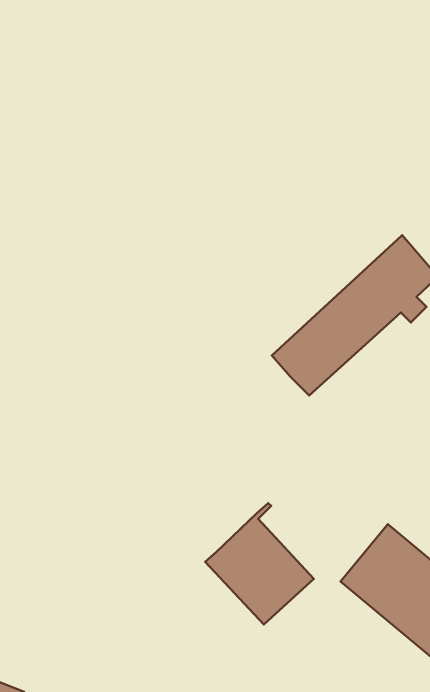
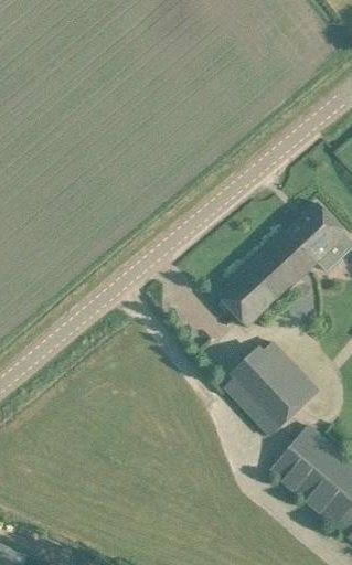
building: [205,503,314,625] -> [224,340,308,434]

